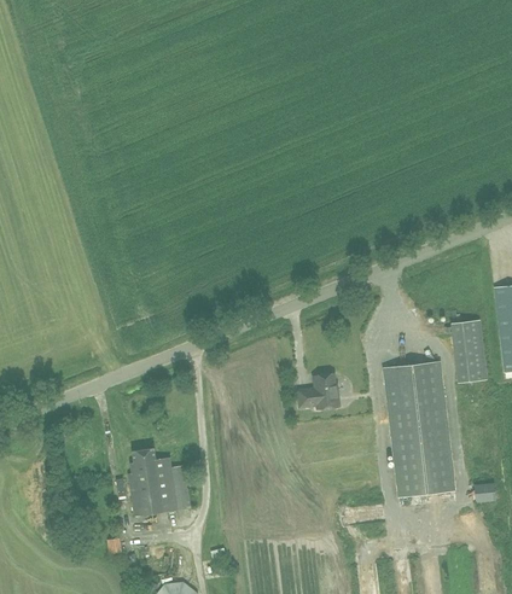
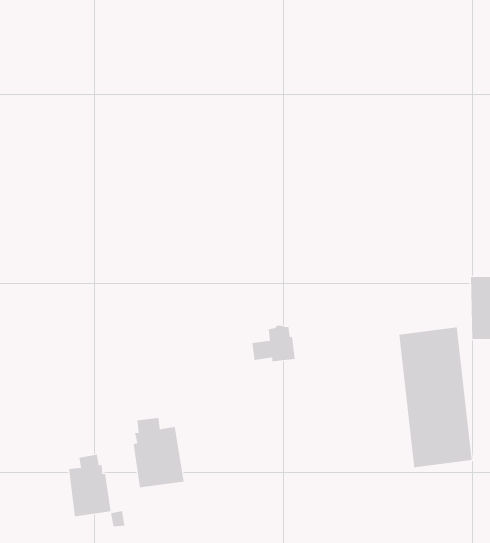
building: [298,374,341,409] -> [251,325,295,362]
building: none -> [68,454,111,517]

